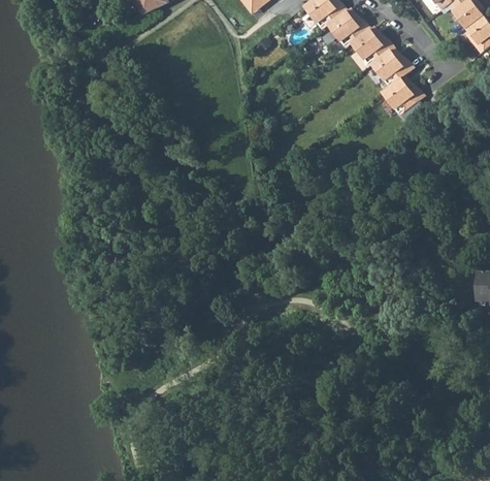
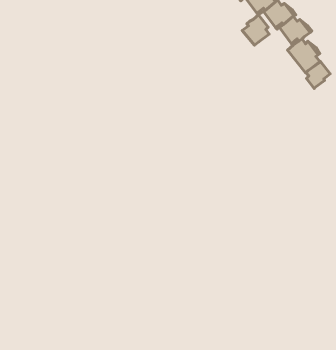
building: none -> [242,15,269,45]
building: none -> [306,62,330,88]

